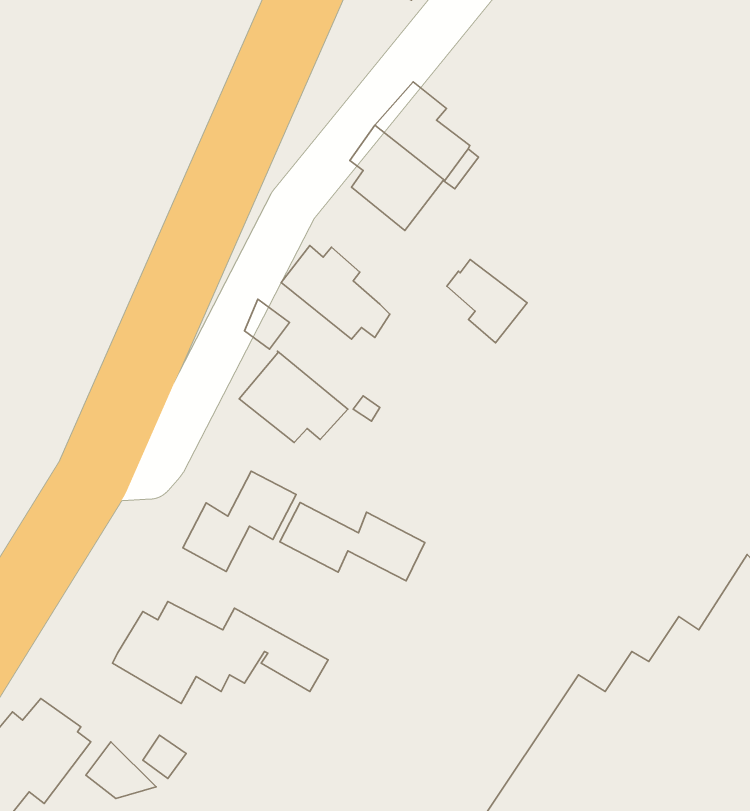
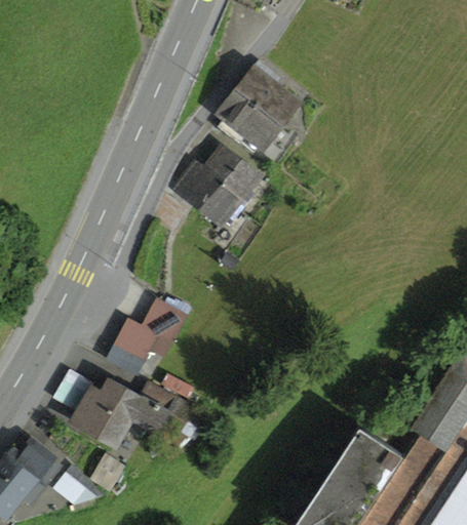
building: [447,259,527,343] -> [208,147,258,198]
building: [239,351,348,443] -> none
building: [280,503,425,581] -> none
building: none -> [53,369,94,412]

